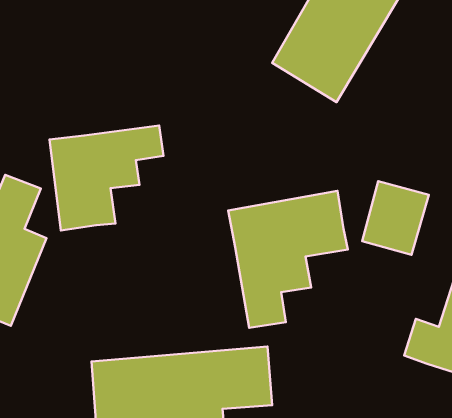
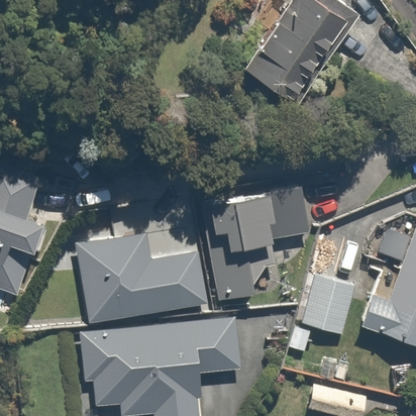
building: [50,125,164,231] -> none
building: [362,181,429,255] -> [303,272,361,336]
building: none -> [76,234,205,322]

